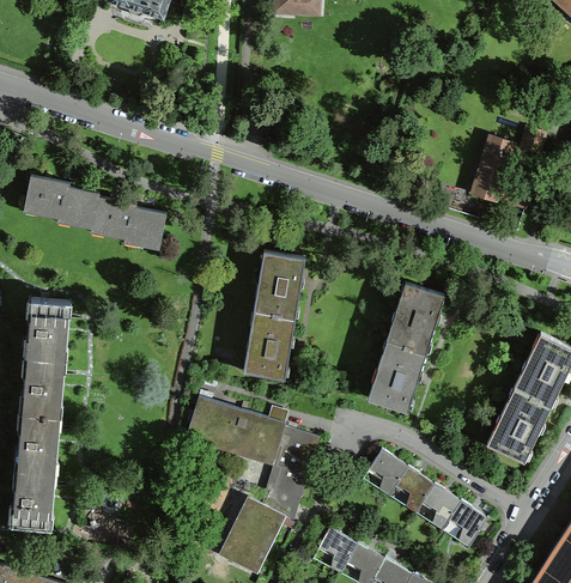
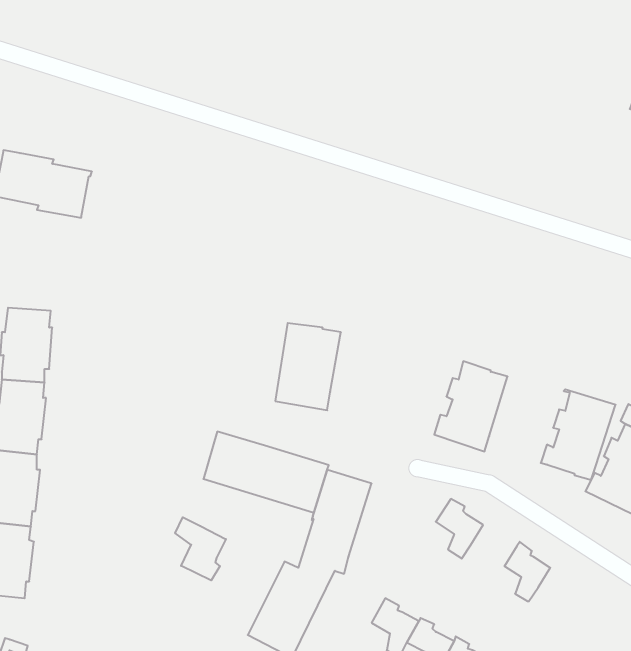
building: [472,136,516,205] -> none
building: [90,196,165,250] -> none
building: [253,250,305,318] -> none
building: [385,283,444,353] -> [541,389,616,480]
building: none -> [175,517,226,580]
building: [396,466,432,512] -> none
building: [449,500,487,547] -> none

